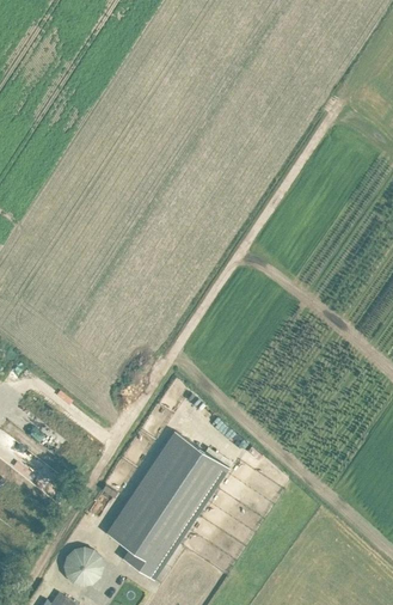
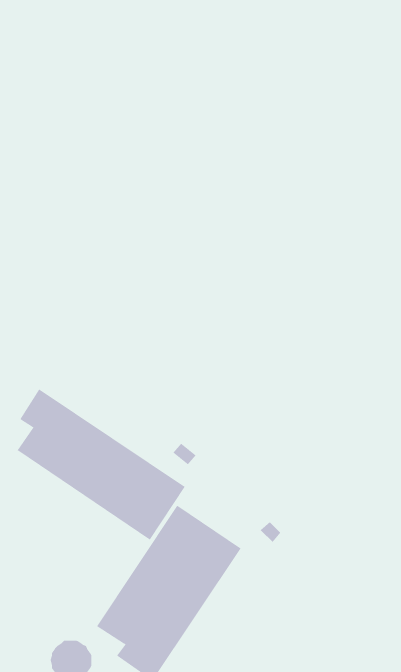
building: none -> [17,389,186,540]

